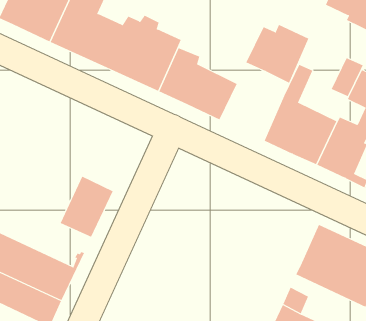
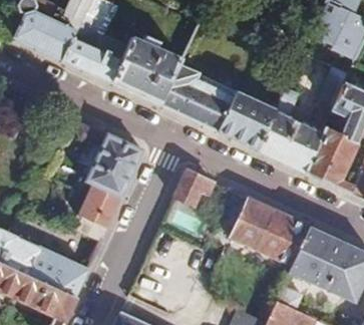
building: [246,24,309,83] -> [219,96,277,150]
building: none -> [76,120,143,197]
building: none -> [172,170,214,206]
building: none -> [229,198,309,265]

